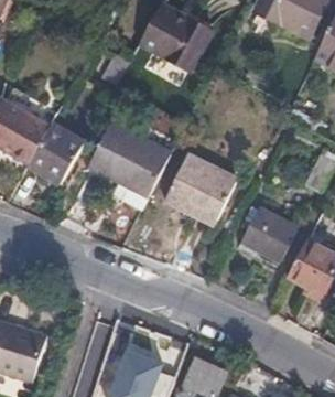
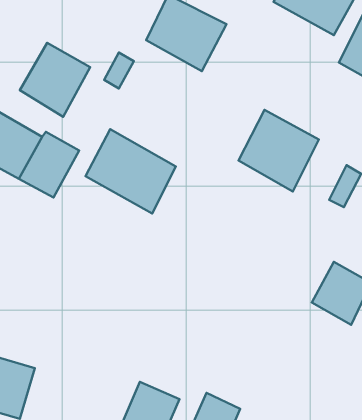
building: none -> [20,43,90,117]
building: [165,153,237,226] -> [238,110,319,191]
building: [245,211,298,262] -> none

